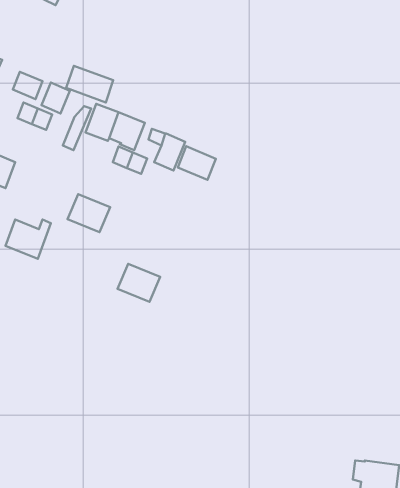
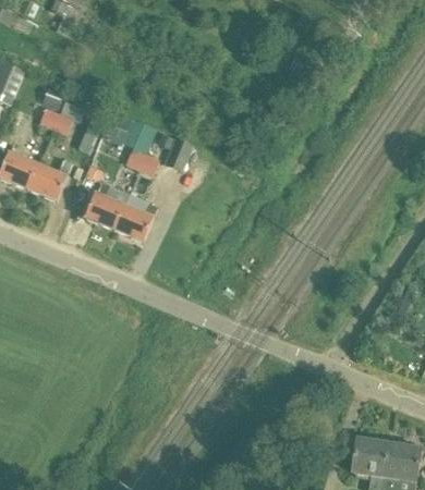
building: [66,66,113,102] -> none
building: [178,146,216,180] -> none
building: [6,220,51,259] -> [28,163,70,199]
building: [117,264,160,302] -> [114,205,154,240]

